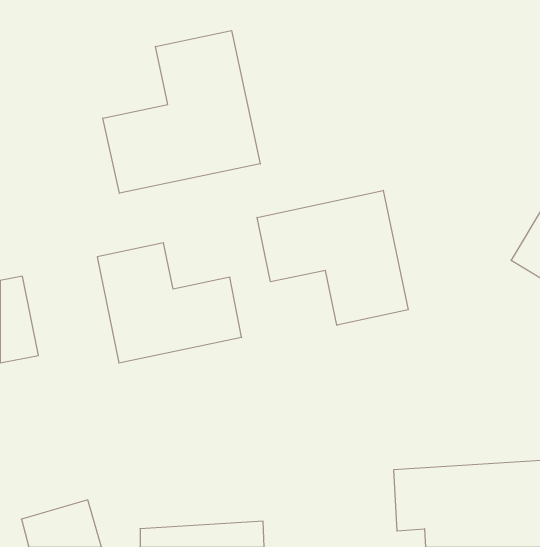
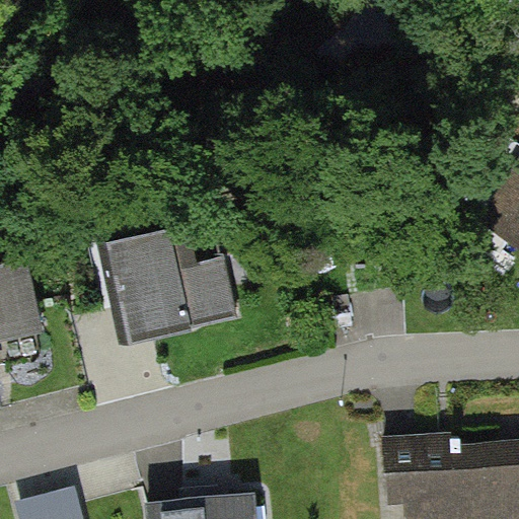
building: [103,31,260,193] -> none
building: [257,190,408,325] -> none

